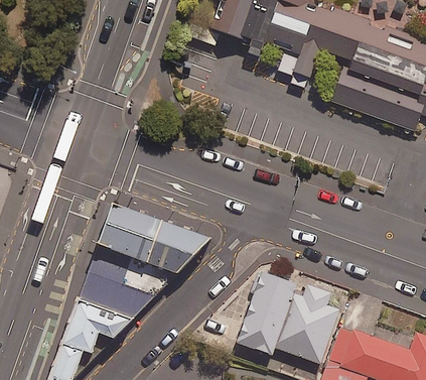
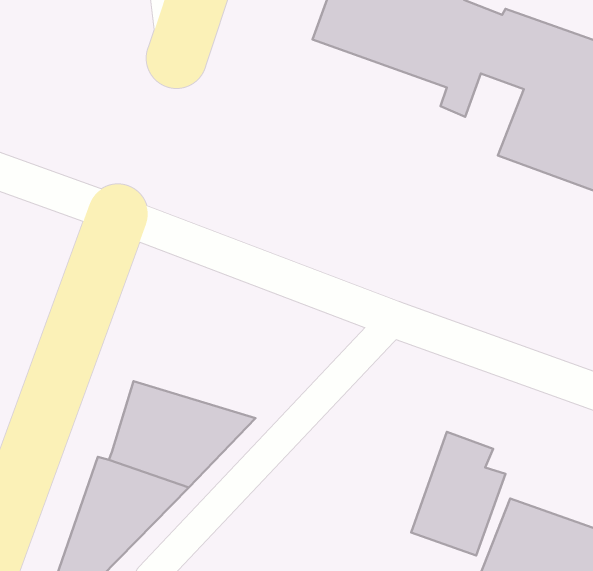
building: [94,206,206,275] -> none
building: [234,274,293,357] -> none

